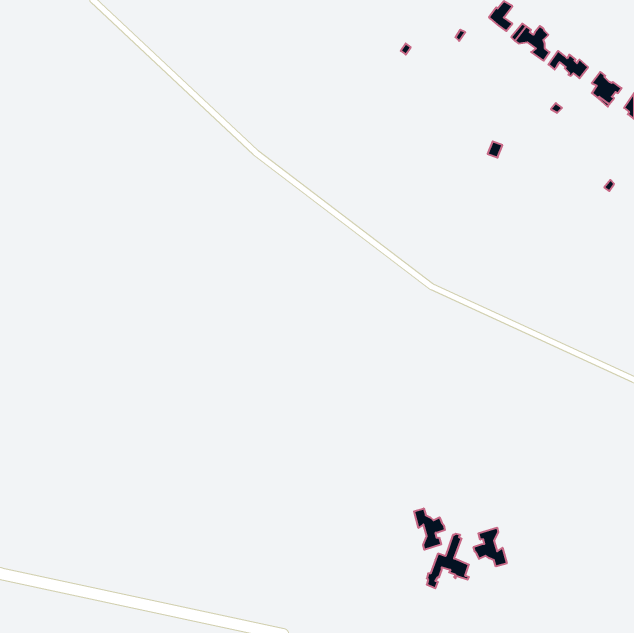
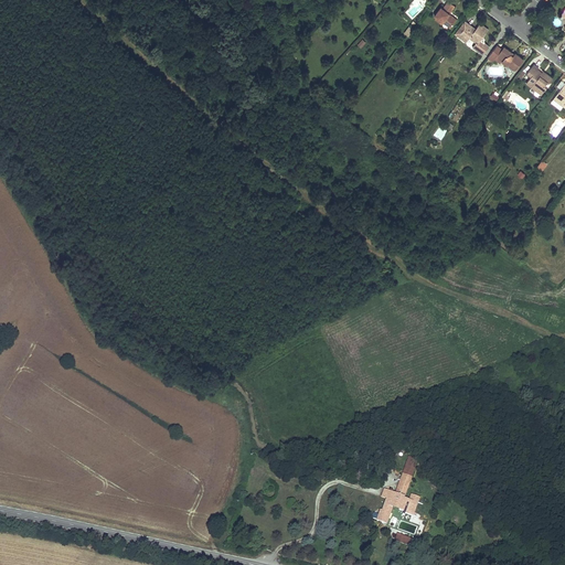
building: [414,508,445,550] -> none
building: [474,528,507,566] -> none

